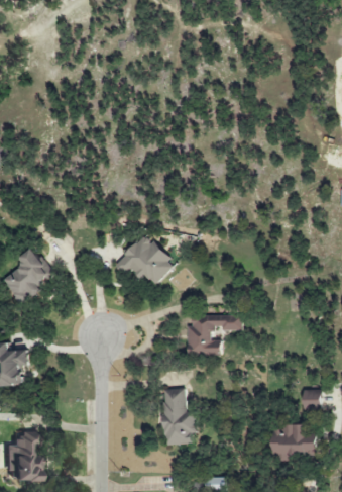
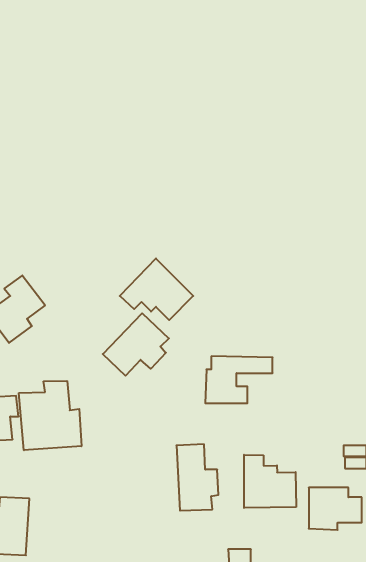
building: none -> [103,313,169,376]
building: none -> [19,381,81,450]
building: none -> [244,455,296,508]

